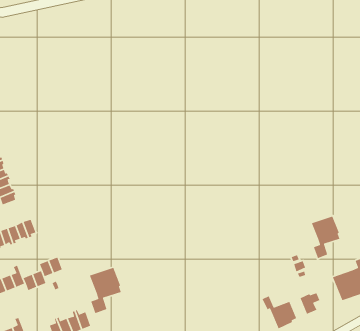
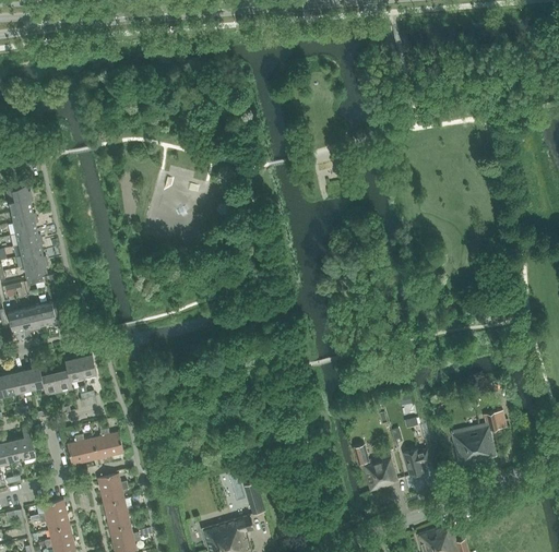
building: [311,216,340,259] -> none
building: [89,267,122,314] -> none

